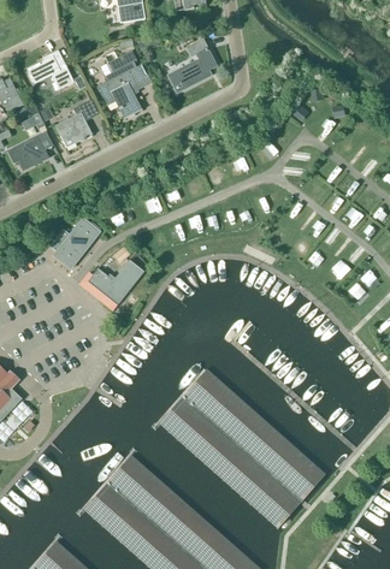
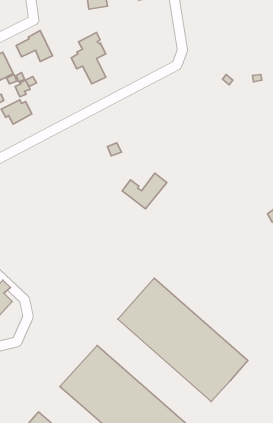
building: [169,40,215,91] -> none
building: [54,102,91,147] -> none
building: [49,219,99,267] -> none
building: [87,259,144,304] -> [122,173,167,209]

